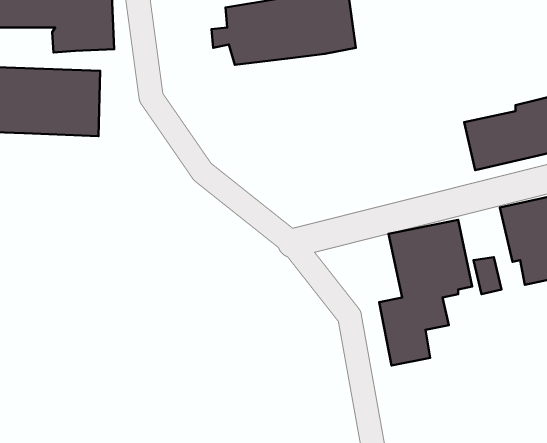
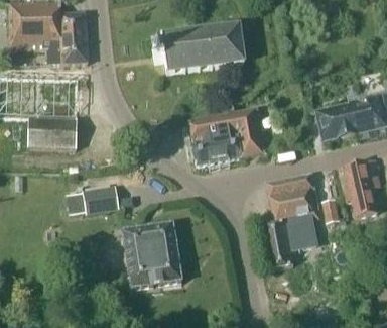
building: none -> [190,109,267,167]
building: none -> [29,118,78,149]
building: none -> [83,185,120,215]
building: none -> [122,223,182,290]

